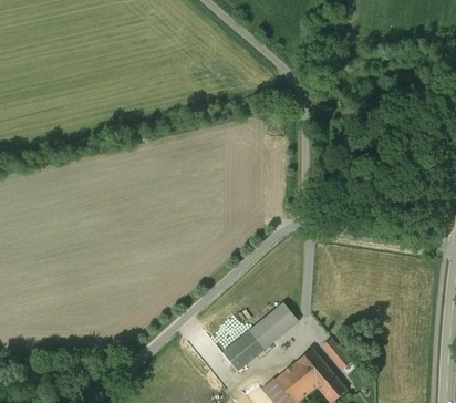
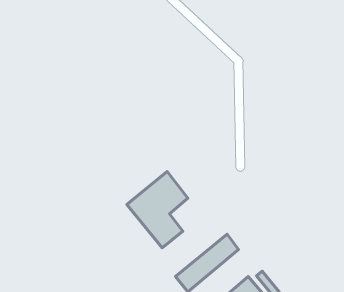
building: none -> [127,171,188,248]

